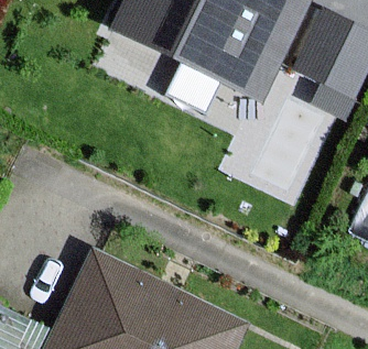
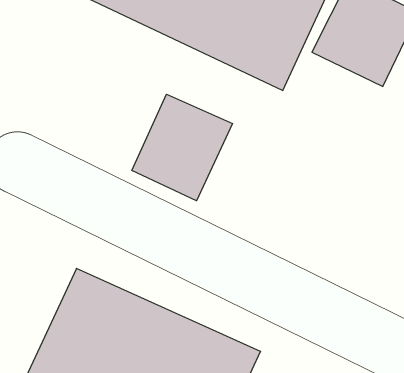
building: none -> [132,94,233,201]

